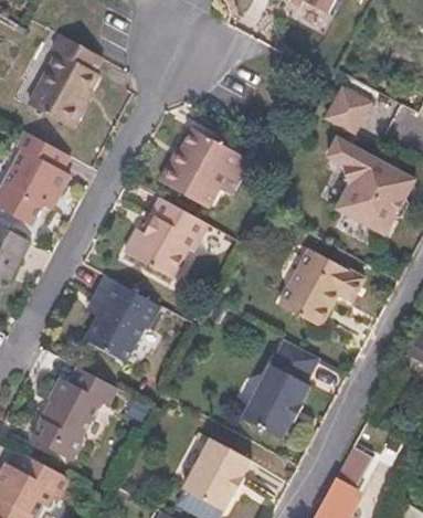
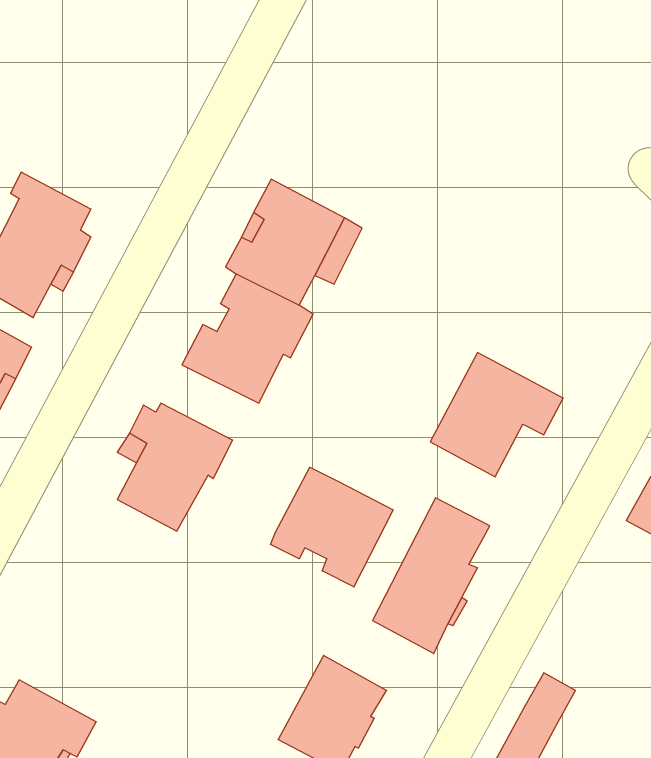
building: [25,34,96,126] -> none
building: [326,85,371,131] -> none
building: [327,136,415,233] -> none
building: none -> [271,467,393,587]
building: [28,367,117,464] -> none

